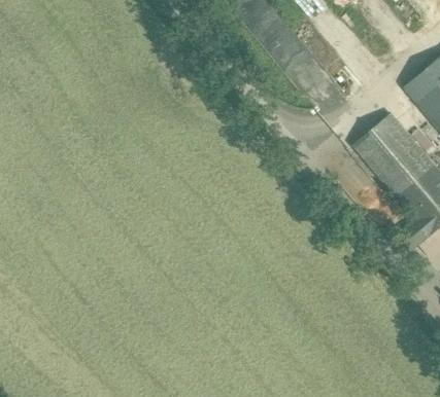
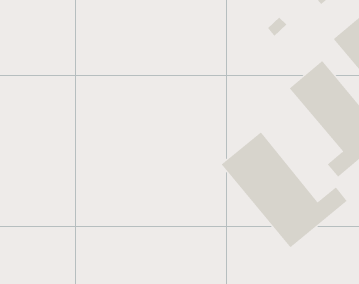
building: none -> [221,131,347,248]

